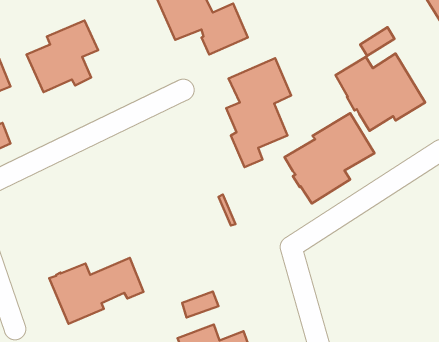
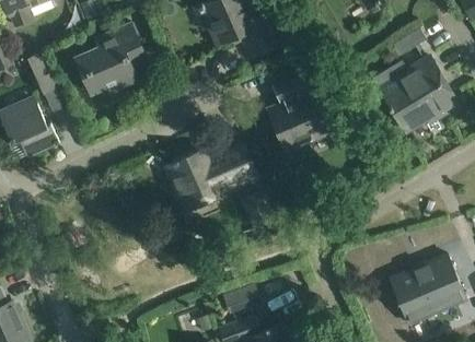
building: [284,113,374,203] -> none
building: [49,258,144,324] -> [165,146,256,210]
building: none -> [389,255,465,325]

